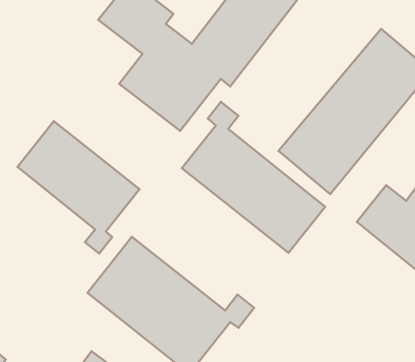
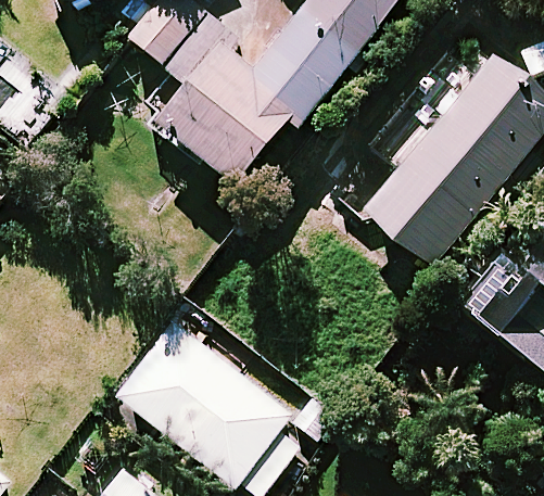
building: [182,102,325,253] -> none
building: [18,121,139,253] -> none

